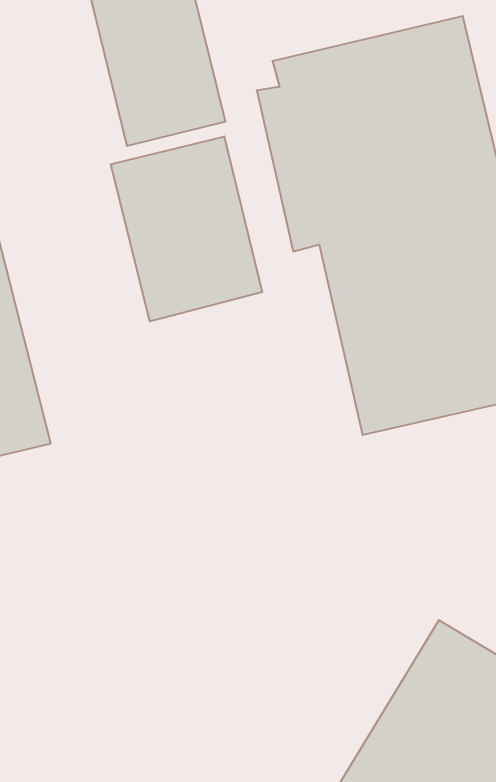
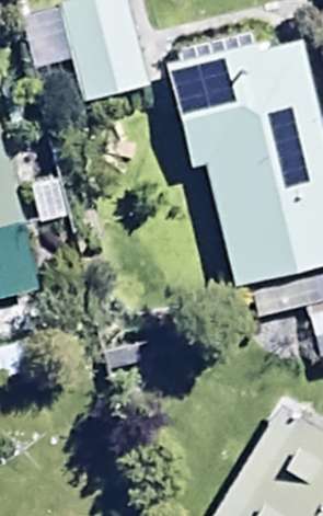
building: [111,136,262,321] -> none

